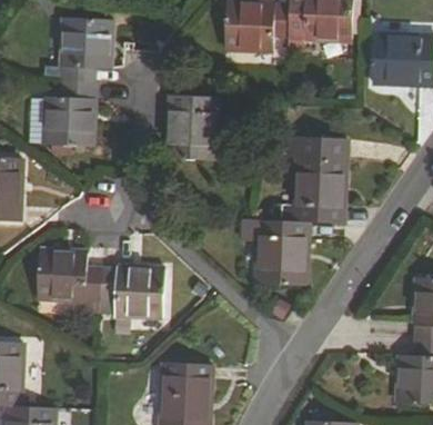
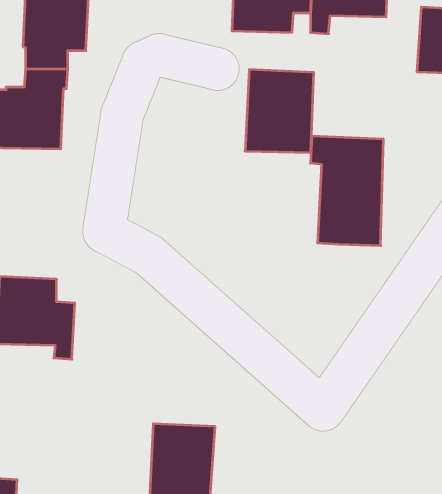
building: [164,93,219,159] -> [245,70,314,152]
building: [242,217,310,284] -> none
building: [99,265,163,318] -> none

